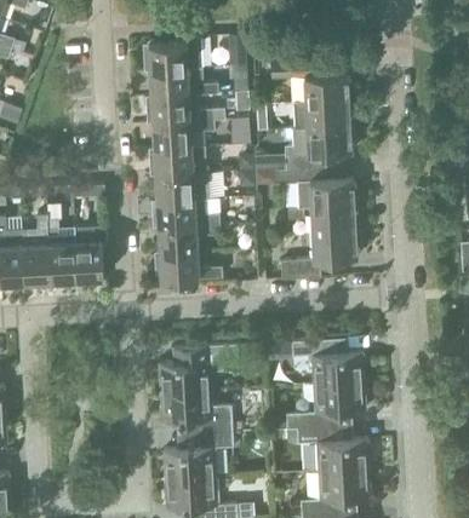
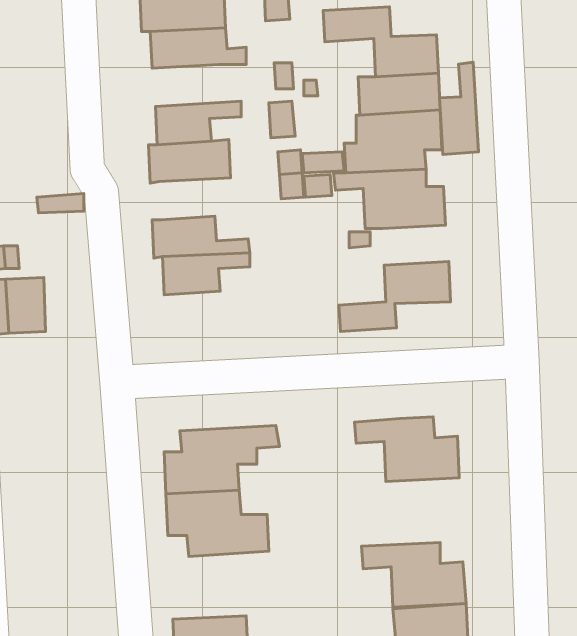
building: none -> [440,62,478,154]
building: [147,94,223,123] -> none
building: [156,173,212,202] -> none
building: [311,206,358,234] -> none
building: [75,224,107,286] -> none
building: [155,252,223,281] -> none
building: [286,381,366,430] -> none
building: [165,432,234,479] -> none

